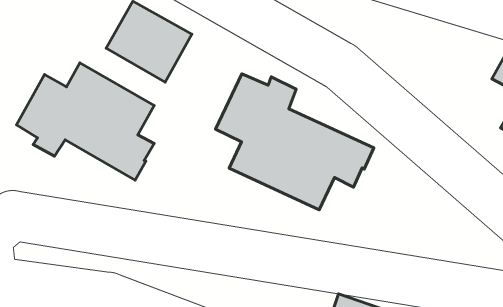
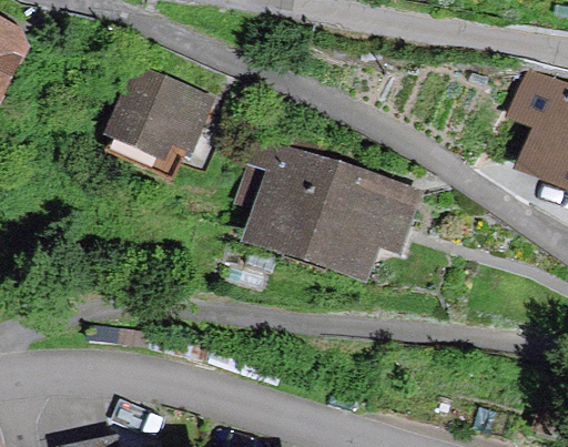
building: [16,63,154,180] -> none

